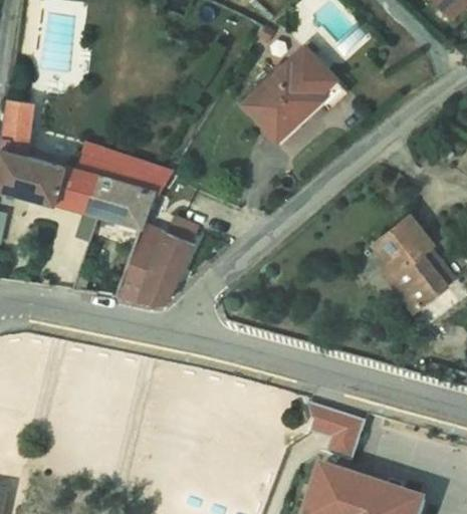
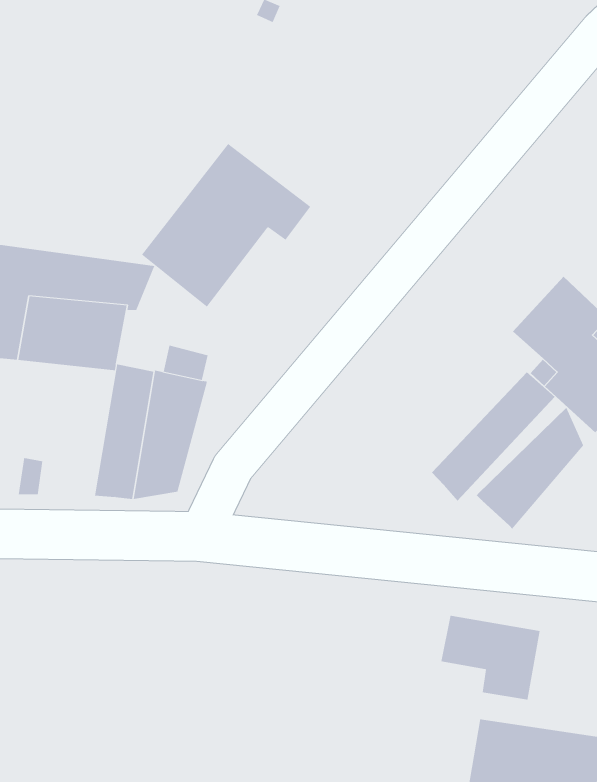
building: [244,46,347,140] -> [141,143,311,307]
building: none -> [431,371,555,501]
building: none -> [475,407,584,529]

